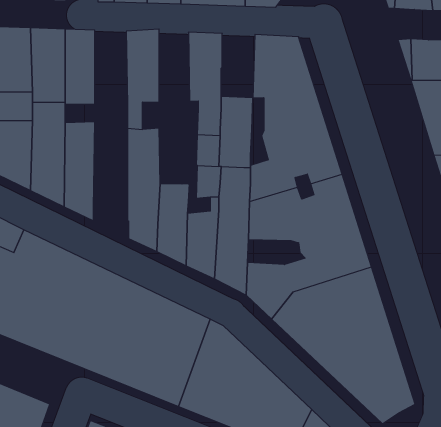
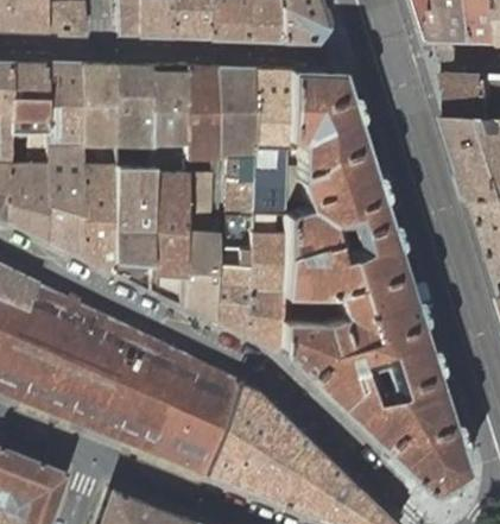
building: none -> [114,65,150,146]
building: none -> [184,67,219,147]
building: none -> [252,69,289,139]
building: none -> [113,164,151,292]
building: none -> [184,172,210,233]

